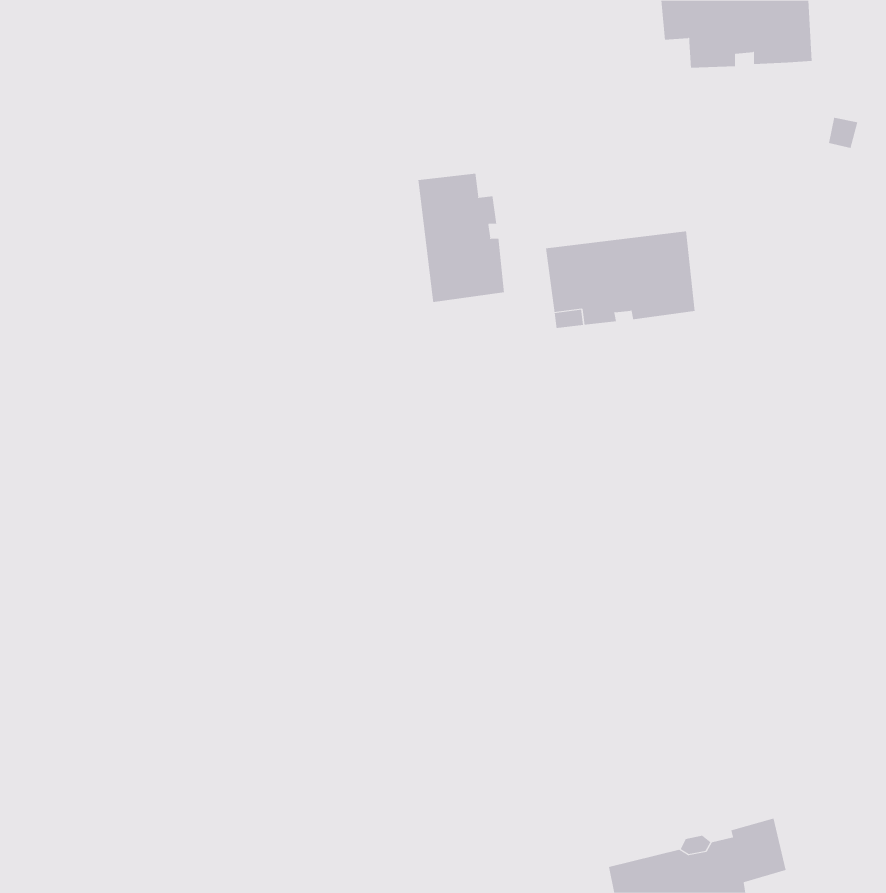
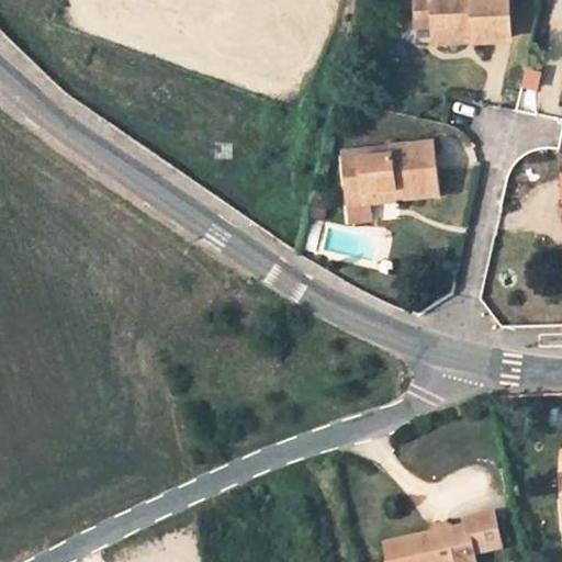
building: [418,173,505,303] -> none

